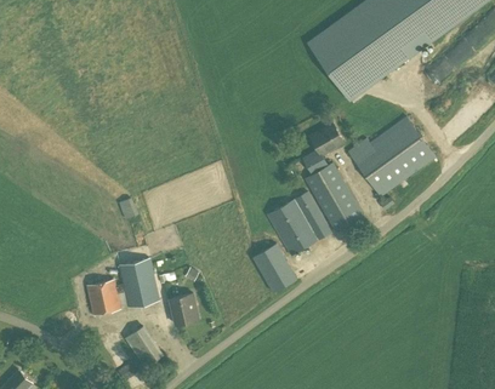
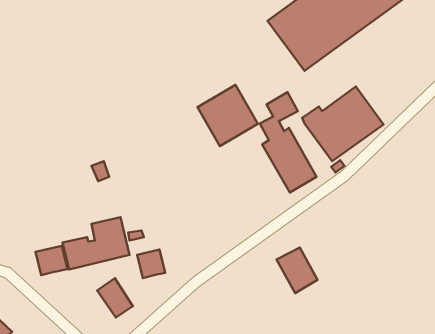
building: [266,190,331,257] -> [198,85,258,146]
building: [251,244,296,293] -> [276,247,318,293]
building: none -> [35,246,68,275]

